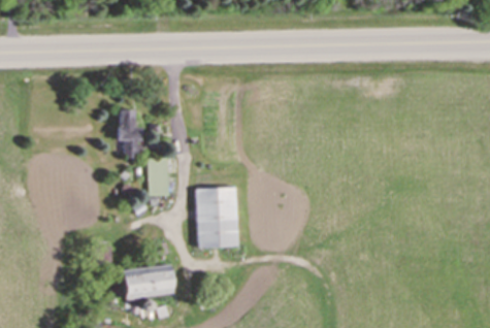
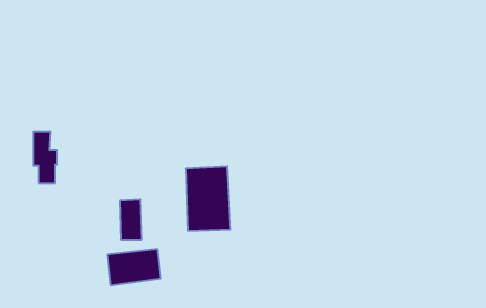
building: [119,109,141,158] -> [33,132,57,183]
building: [148,158,168,196] -> [120,199,142,240]

